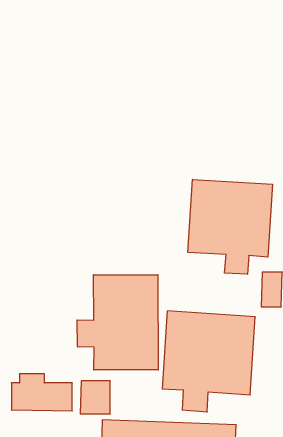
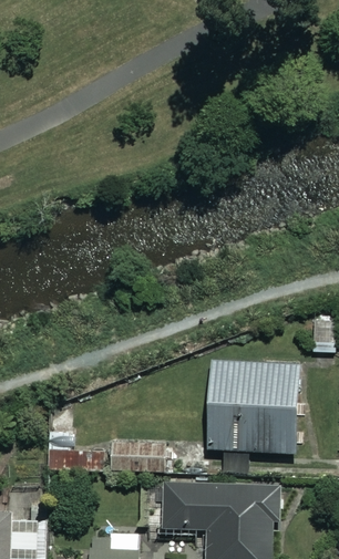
building: [188,179,272,274] -> none
building: [77,275,158,370] -> none

